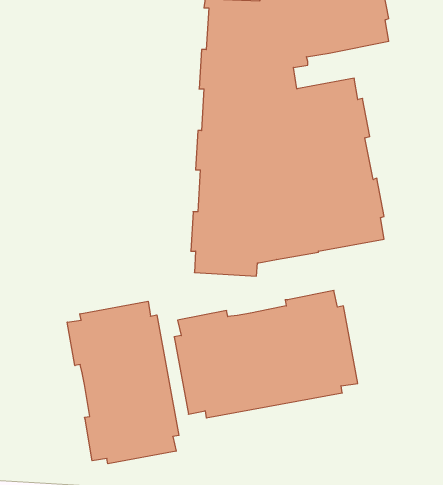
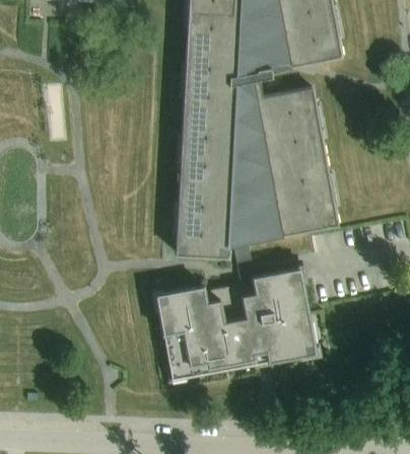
building: [67,301,179,464] -> none

